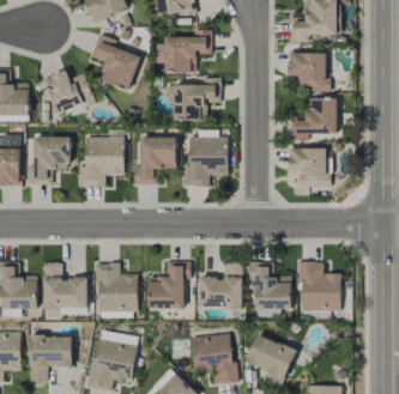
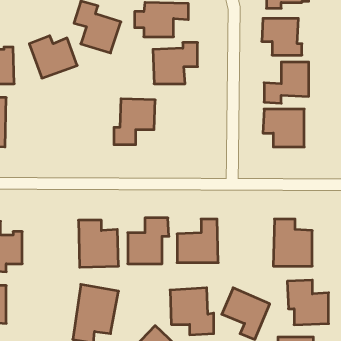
building: [26,137,69,184] -> none
building: [78,137,125,187] -> none
building: [186,138,228,186] -> none
building: [43,262,86,317] -> none
building: [248,262,291,309] -> [287,280,329,325]
building: [29,335,72,382] -> none

